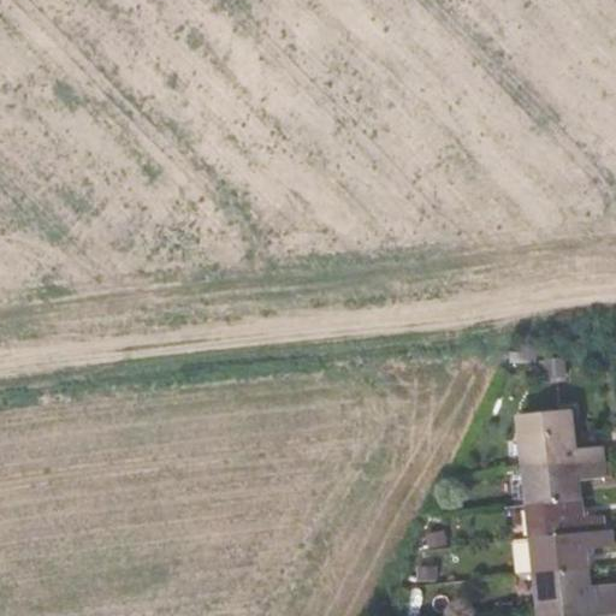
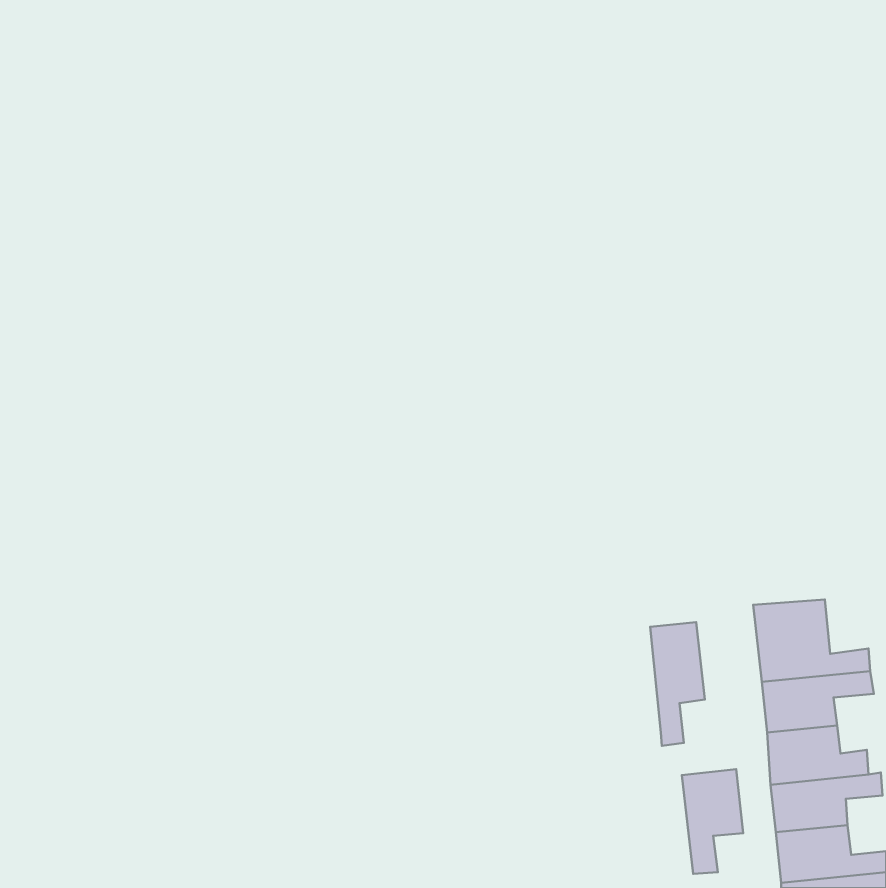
building: none -> [650,622,705,746]
building: none -> [682,769,743,874]

